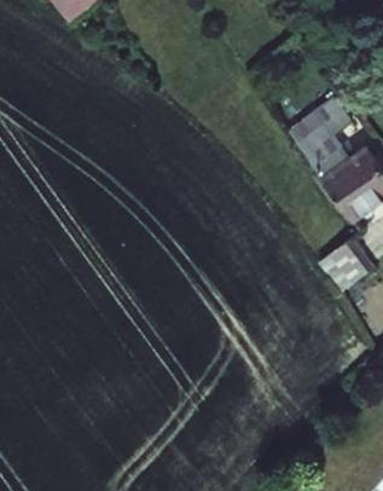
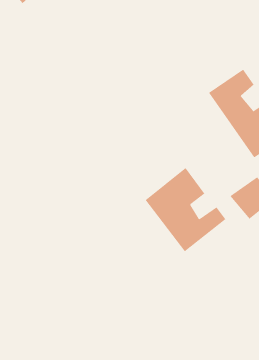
building: none -> [145,167,226,252]

